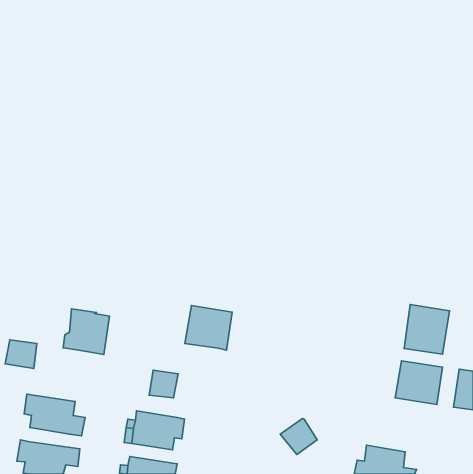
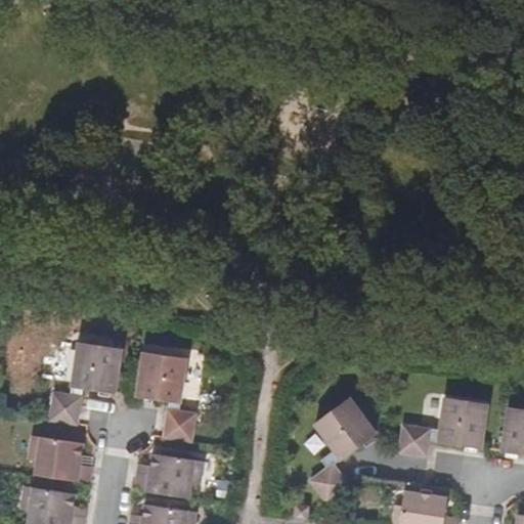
building: [404,305,449,354] -> none
building: [185,306,232,350] -> [134,352,186,401]
building: [5,340,37,368] -> [48,391,83,423]
building: none -> [314,398,377,460]
building: none -> [396,424,432,455]

